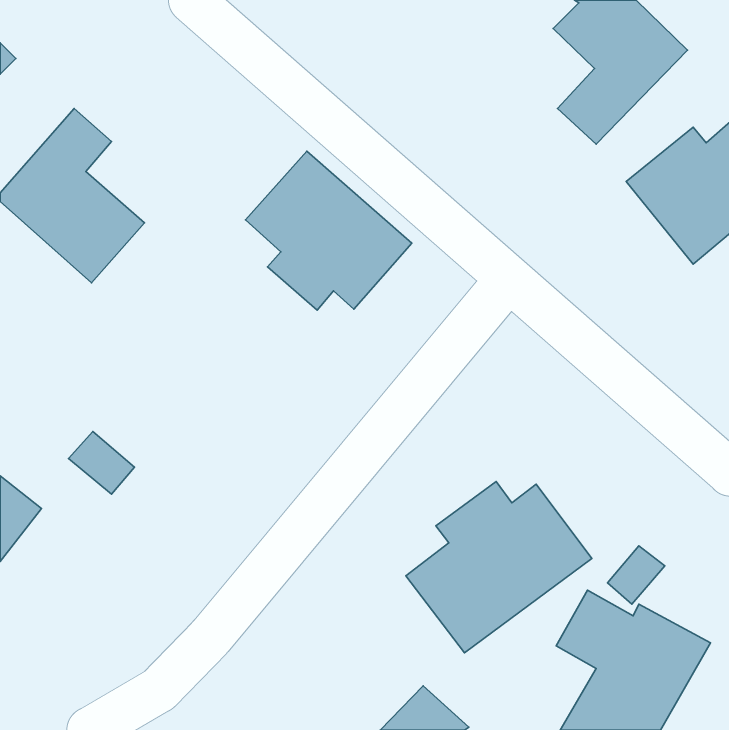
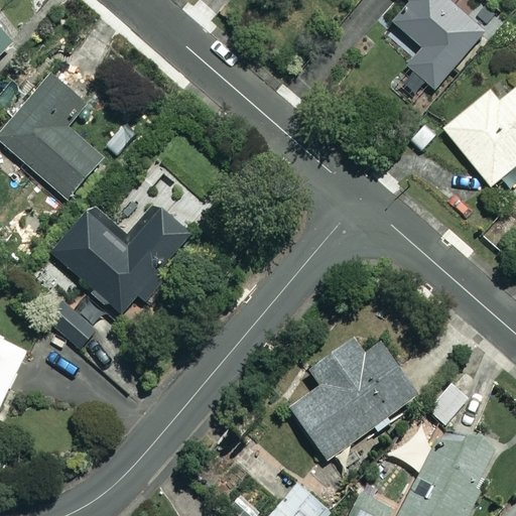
building: [246,151,412,310] -> none
building: none -> [49,207,189,314]

